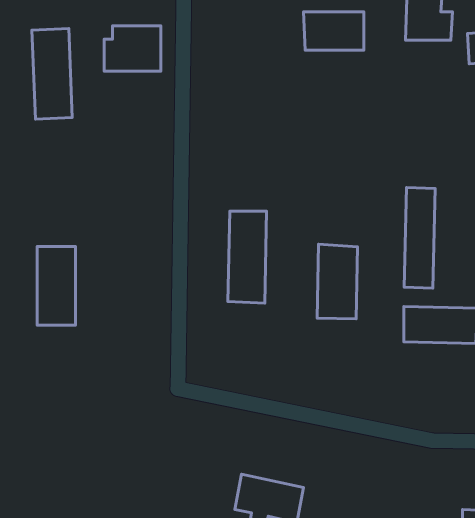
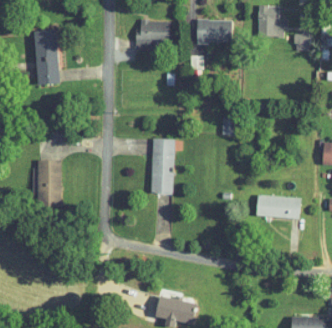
building: [104,26,161,71] -> [136,21,170,48]
building: [404,187,435,288] -> none
building: [317,244,357,319] -> none

